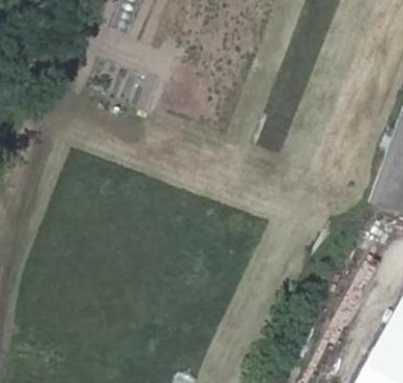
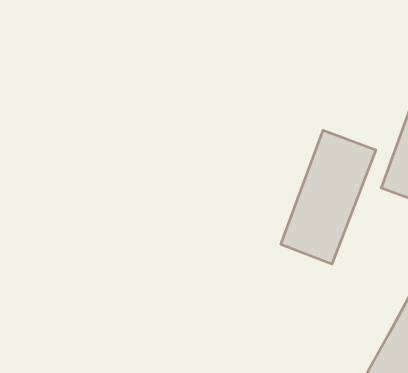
building: none -> [281,130,376,264]

